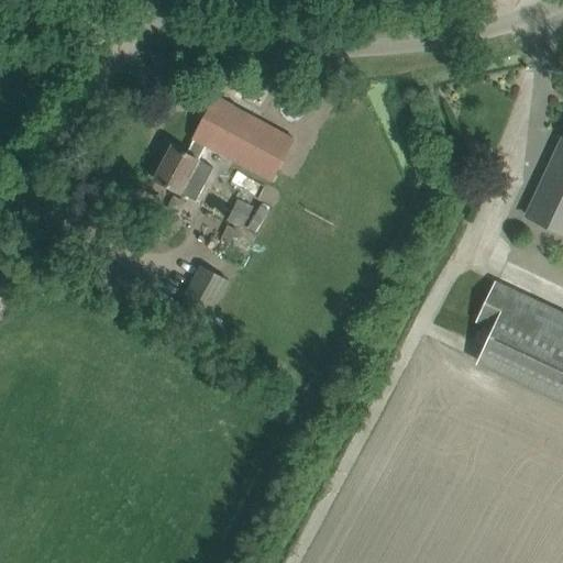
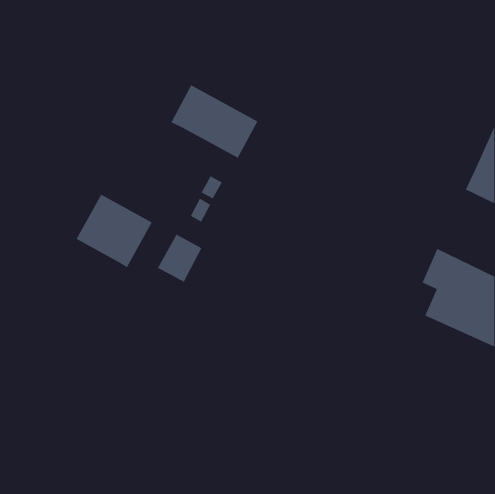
building: [155,140,213,200] -> none
building: none -> [75,194,153,268]

